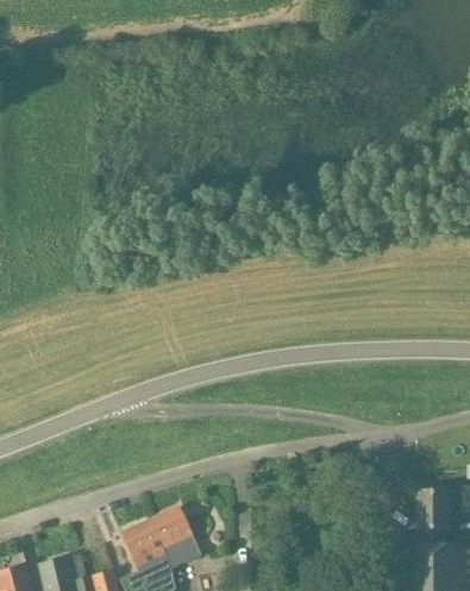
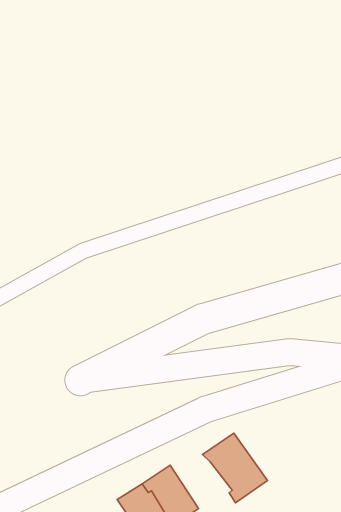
building: none -> [202,433,268,503]

